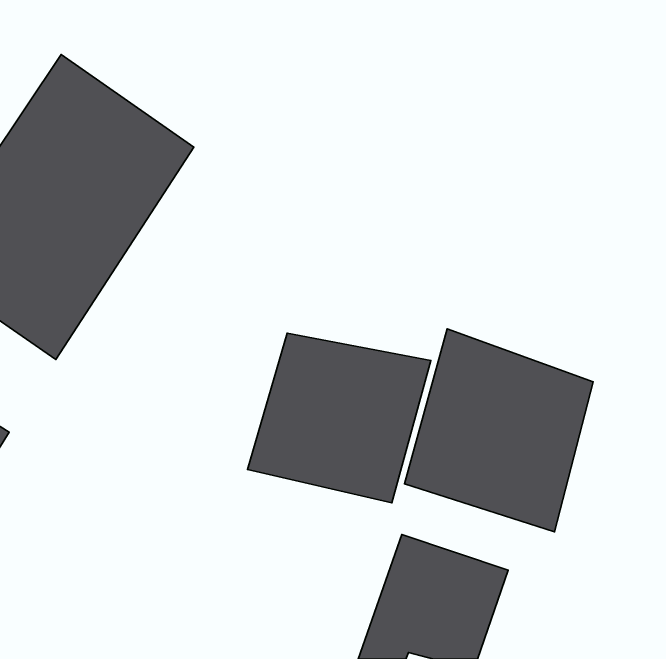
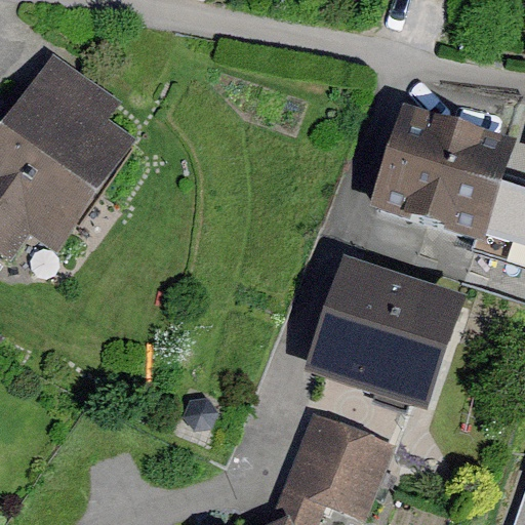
building: none -> [366,99,510,235]
building: [248,333,431,503] -> none

